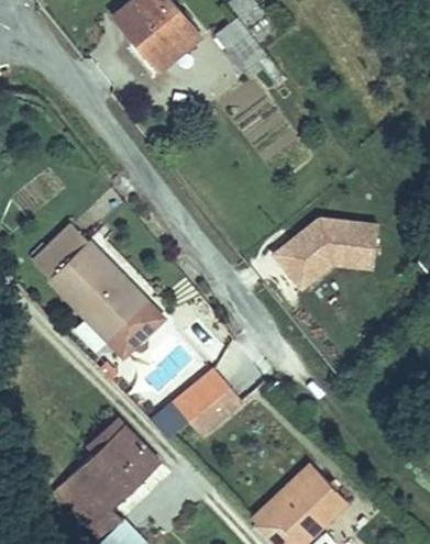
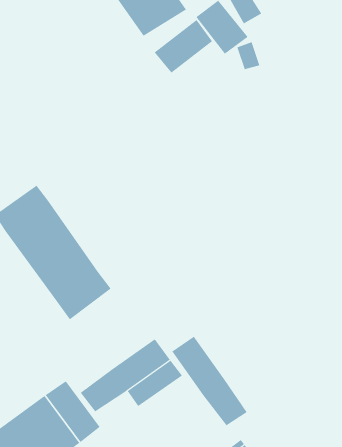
building: none -> [154,19,213,74]
building: [276,215,379,285] -> none
building: none -> [171,336,247,426]

